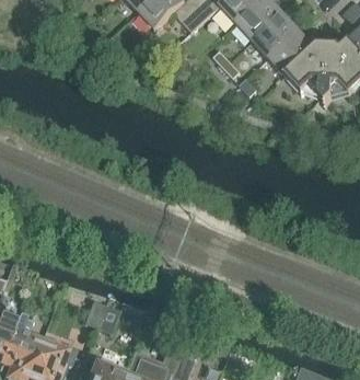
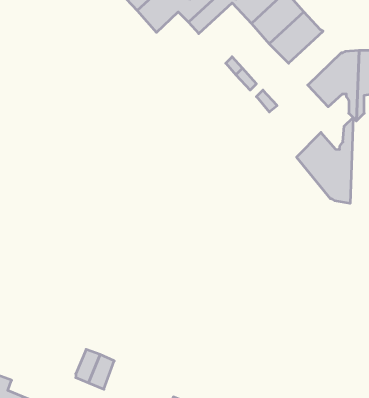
building: [267,27,312,73] -> none
building: none -> [297,118,353,203]

